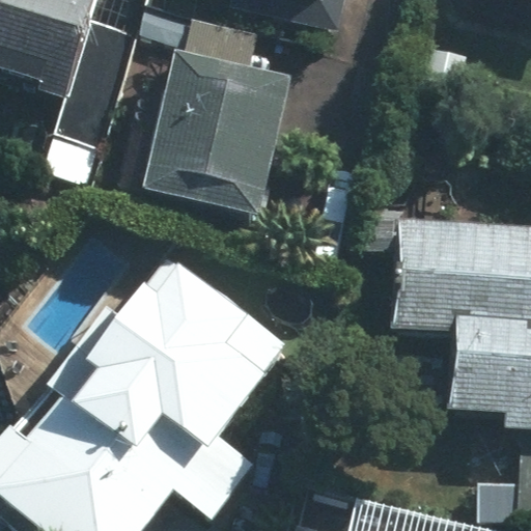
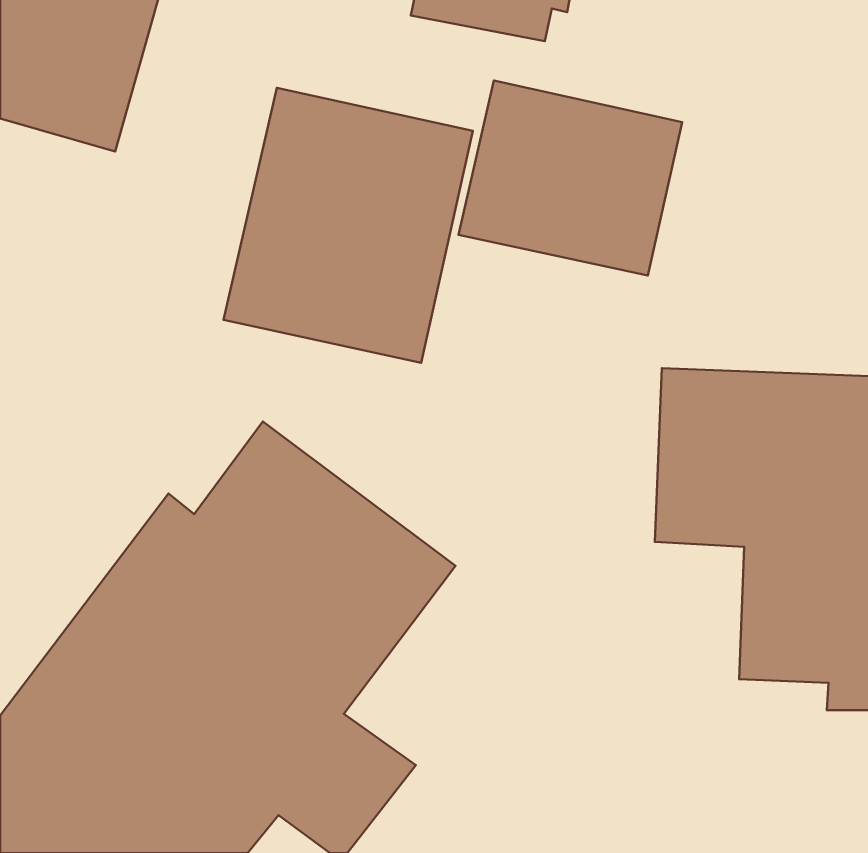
building: none -> [459,80,682,276]

